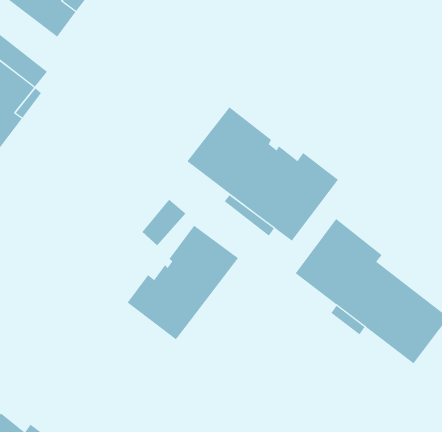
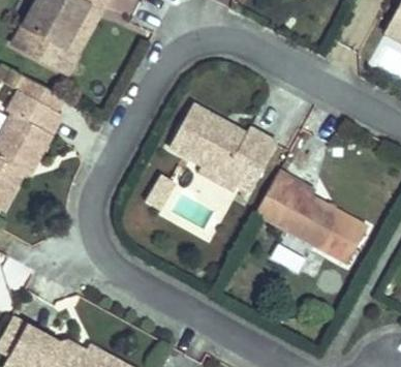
building: [127,225,239,340] -> none

